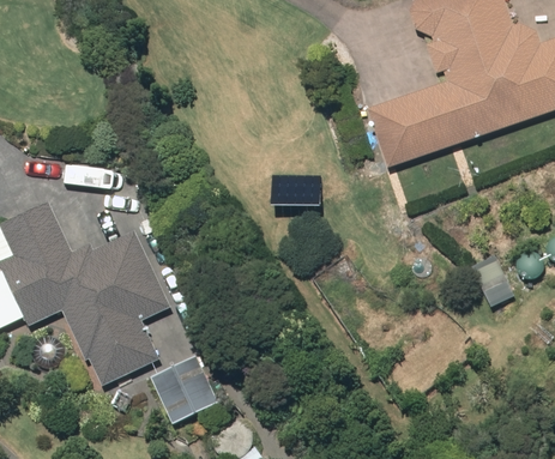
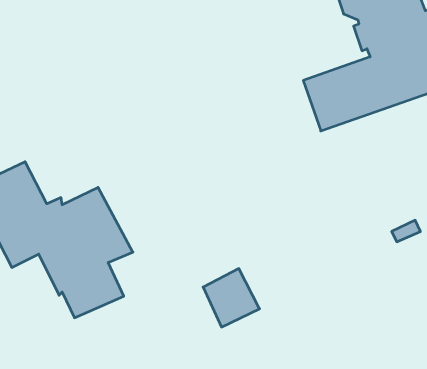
building: [153,356,219,424] -> [203,269,260,327]

